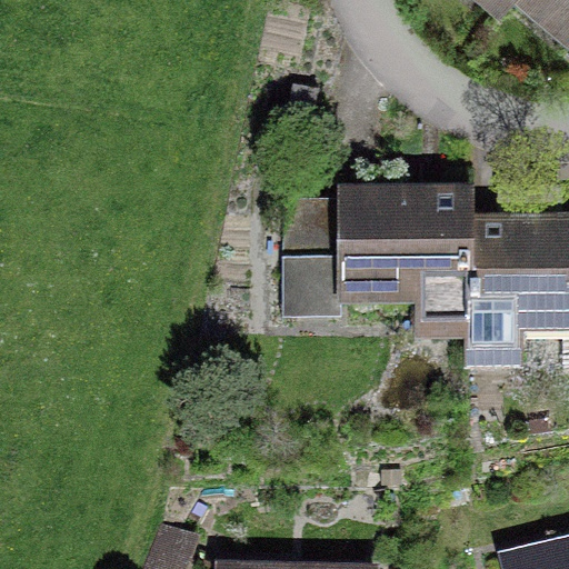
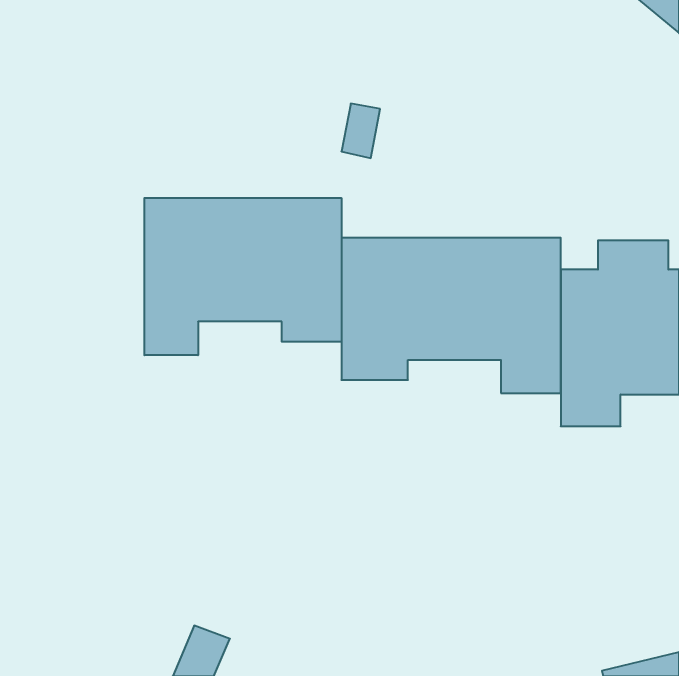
building: none -> [144,198,341,355]

